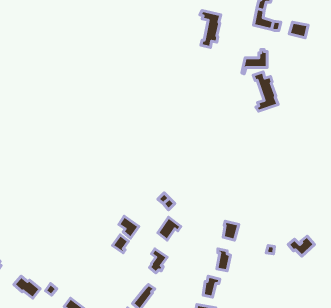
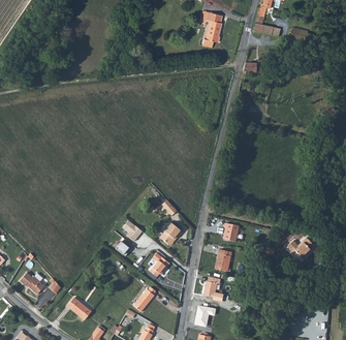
building: [253,72,278,111] -> none

